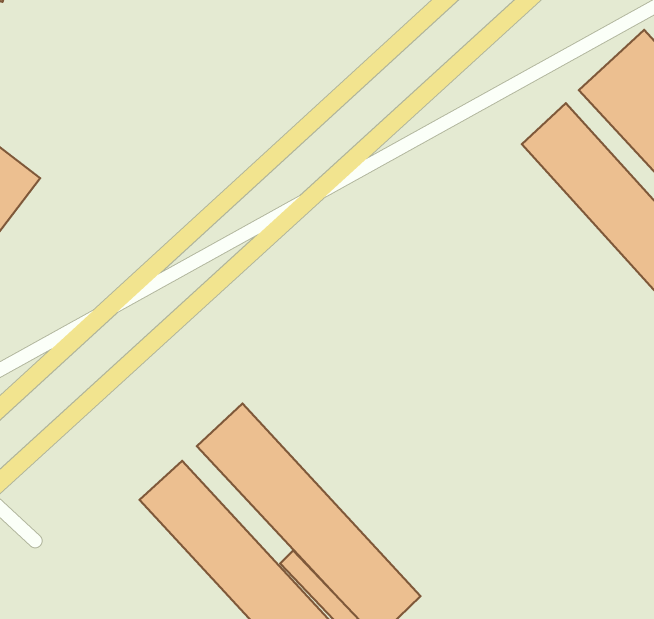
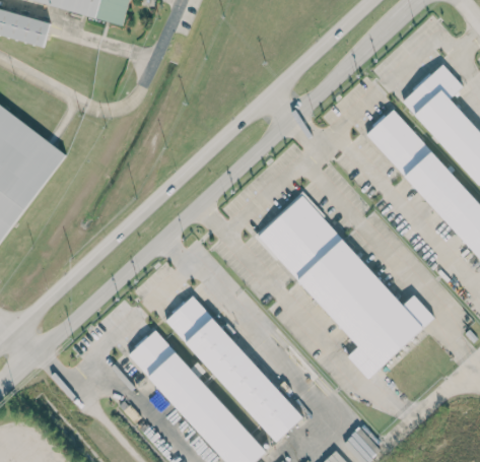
building: none -> [258,196,433,379]

